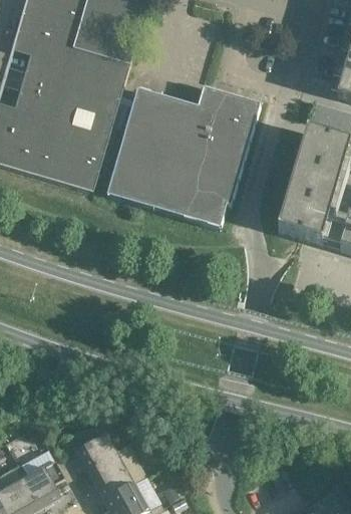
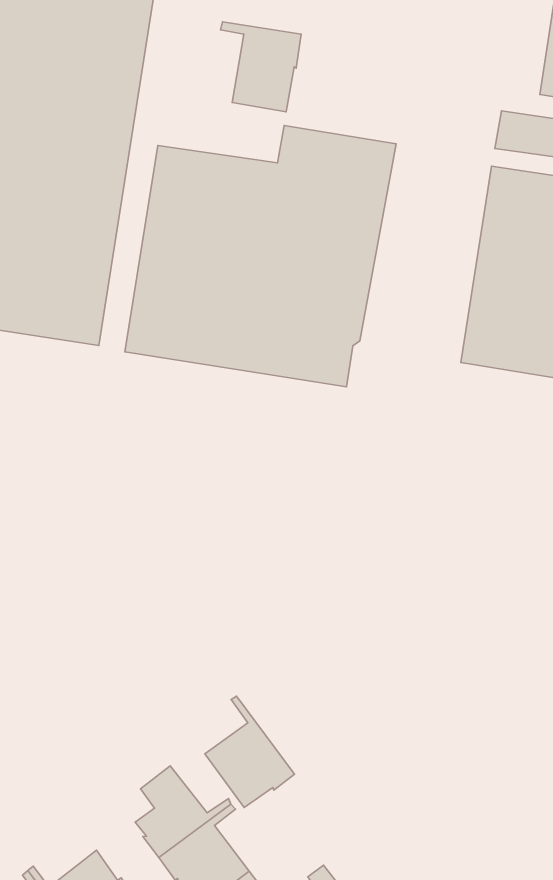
building: none -> [221,22,301,112]
building: none -> [205,696,295,808]

